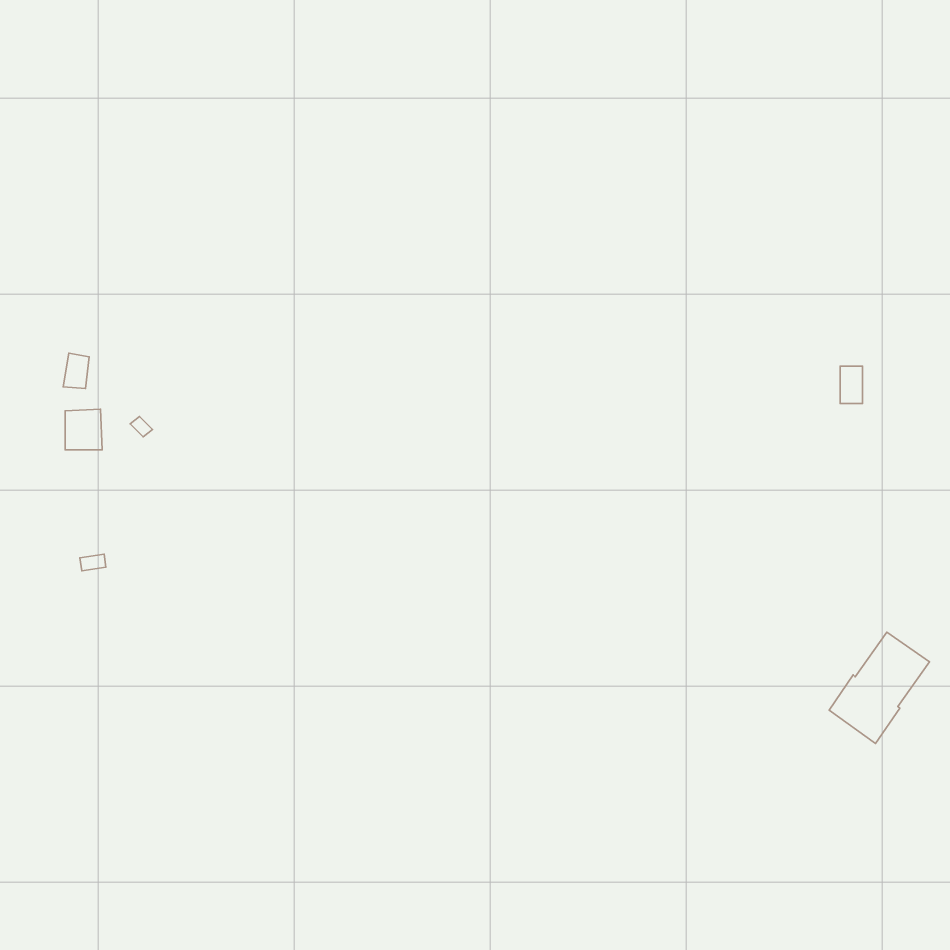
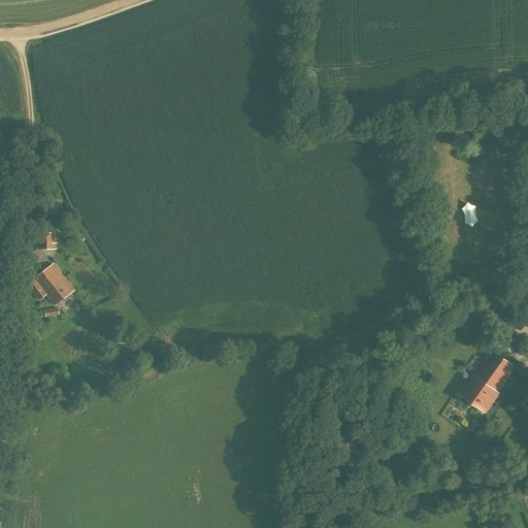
building: none -> [27,264,72,305]

